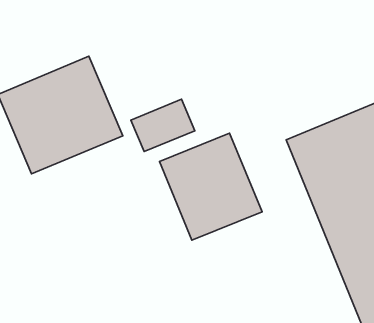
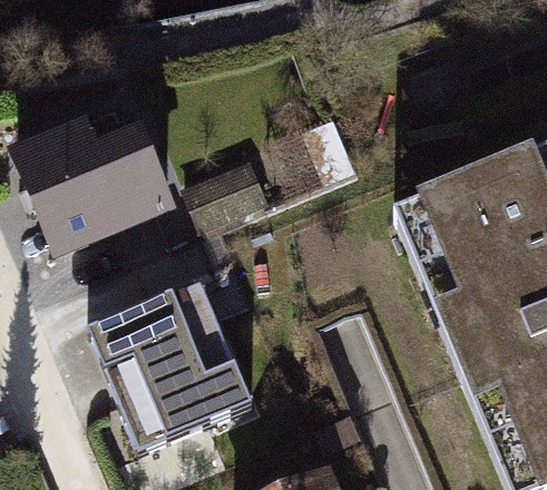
building: [159,133,262,240] -> none
building: none -> [91,285,255,449]

